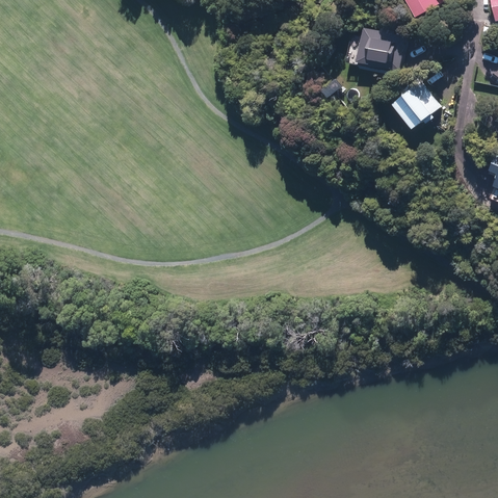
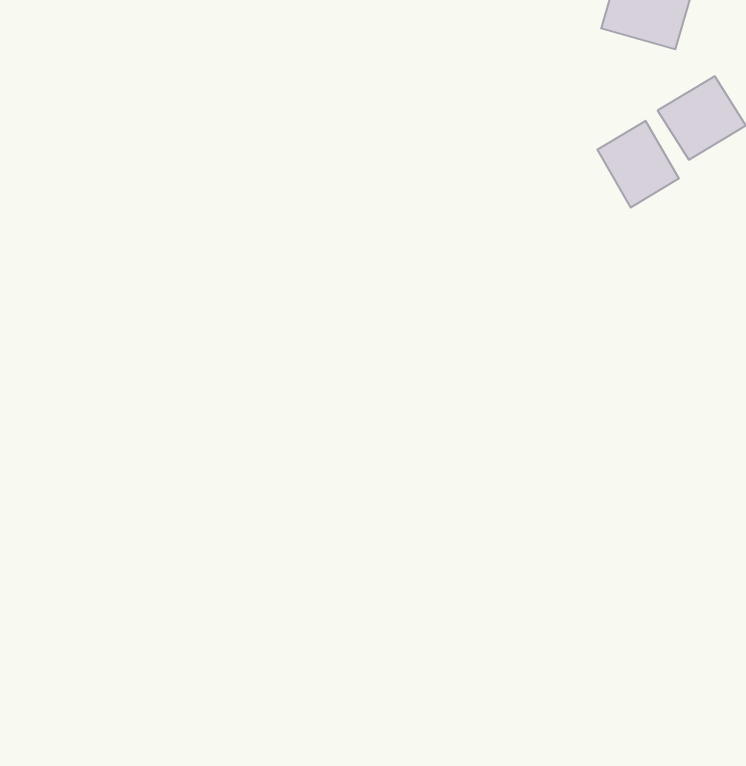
building: none -> [597,121,679,208]

